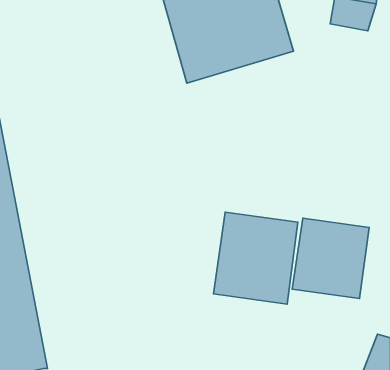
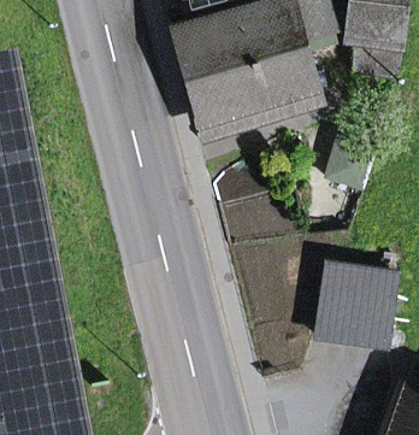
building: [213,212,298,304] -> none

